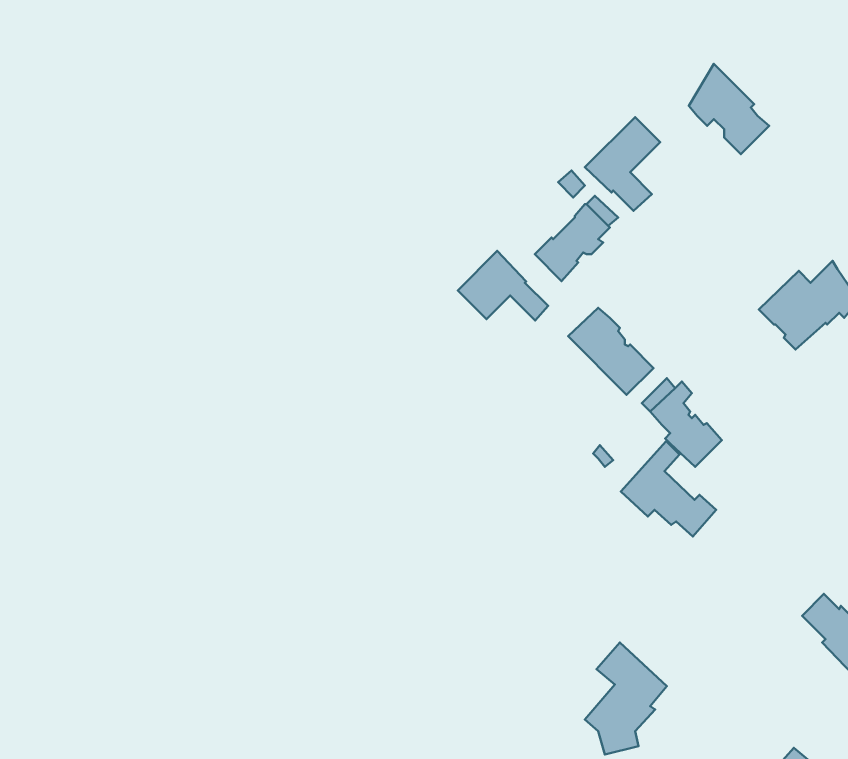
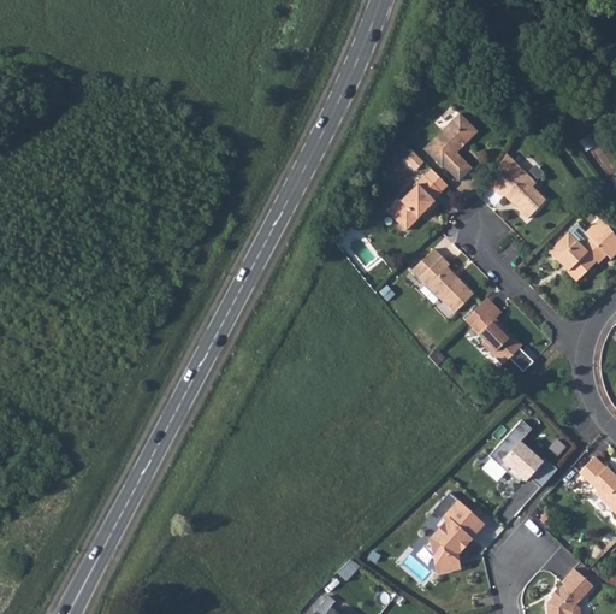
building: [689,64,769,154] -> [488,153,546,218]
building: [458,251,548,321] -> none
building: [621,441,716,537] -> [488,419,557,488]

